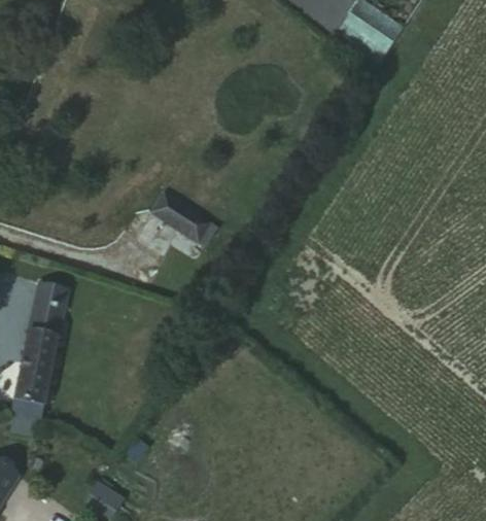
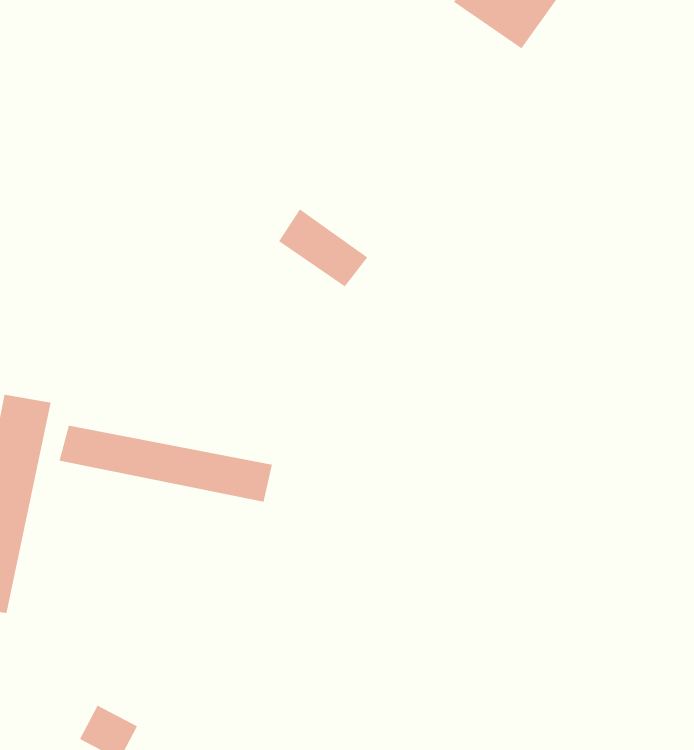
building: [140,196,197,245] -> [278,209,368,287]
building: none -> [59,425,273,502]

